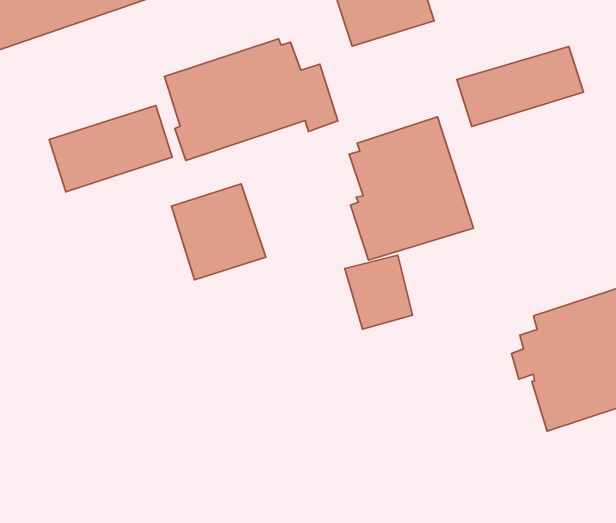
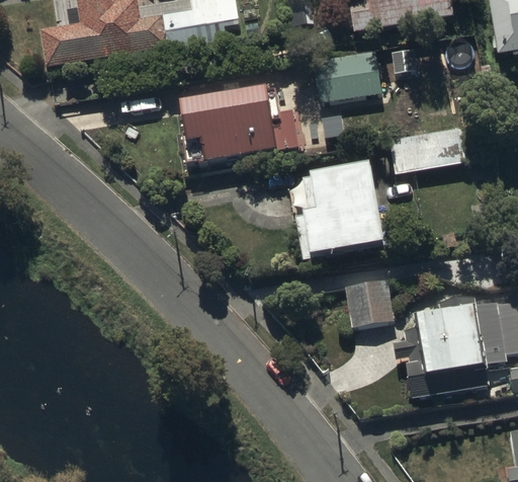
building: [49,106,172,192] -> none
building: [171,184,266,280] -> none
building: [345,255,412,329] -> [350,275,393,324]

